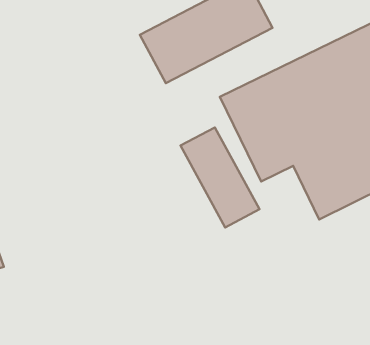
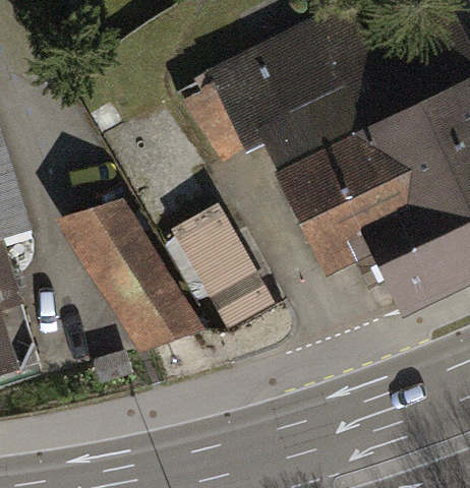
building: [180,127,260,227] -> [174,208,268,326]
building: none -> [58,202,203,354]

